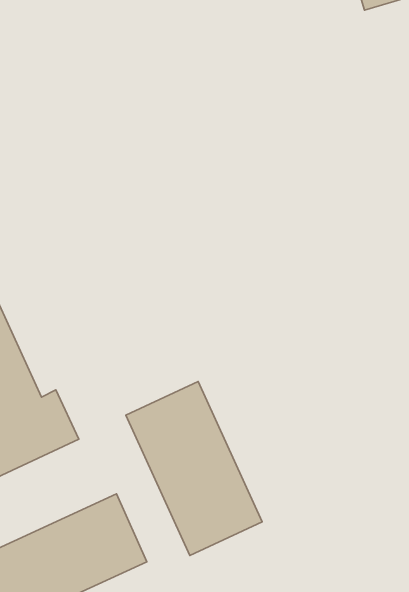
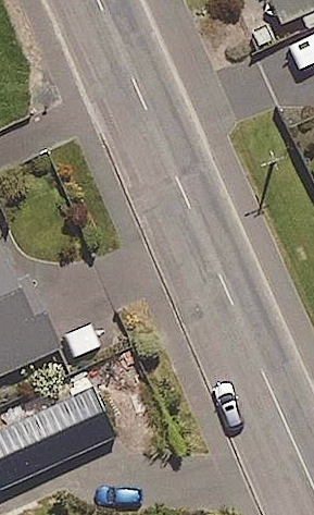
building: [126,381,262,556] -> none

